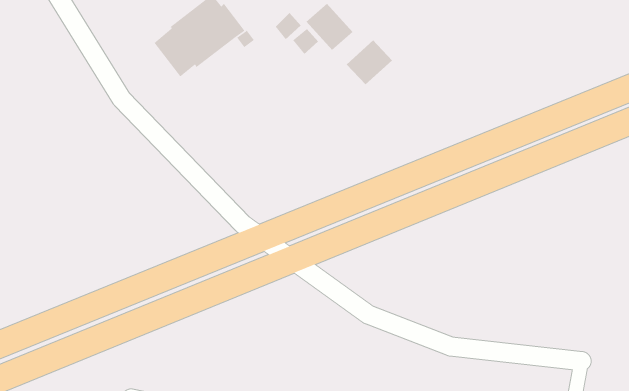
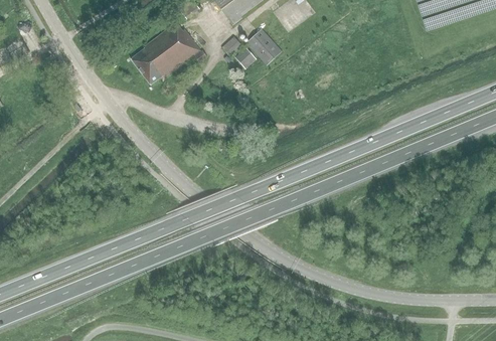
building: [346,40,393,85] -> none

